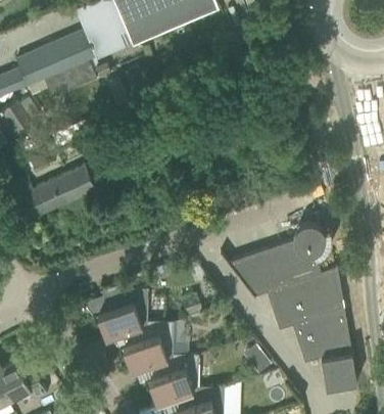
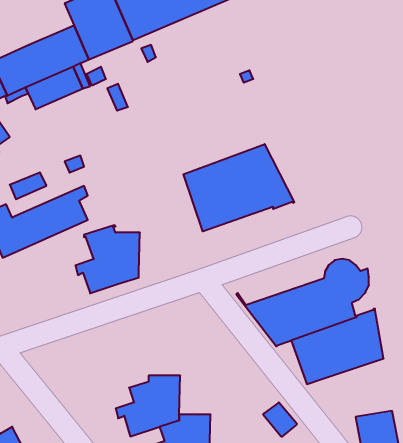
building: none -> [183,144,294,231]
building: [94,284,148,341] -> [75,225,140,293]
building: [292,309,351,363] -> none

